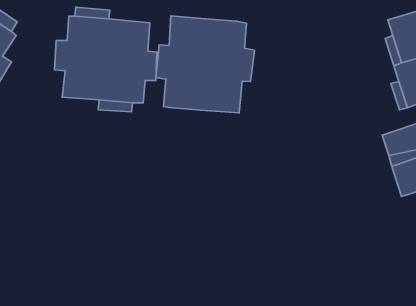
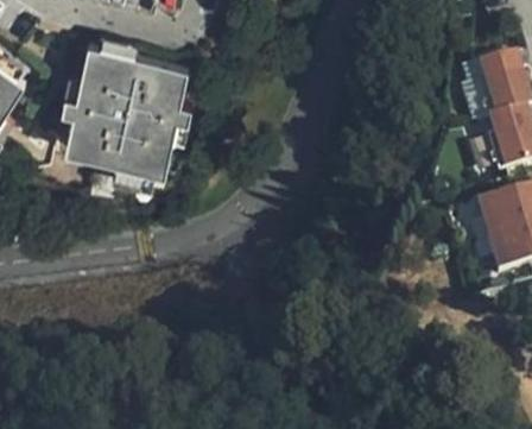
building: [156,16,254,113] -> none

